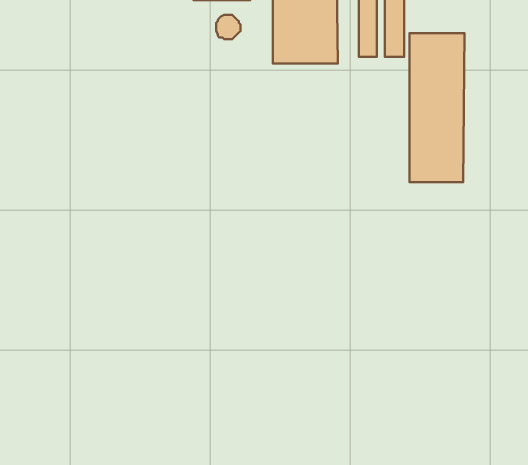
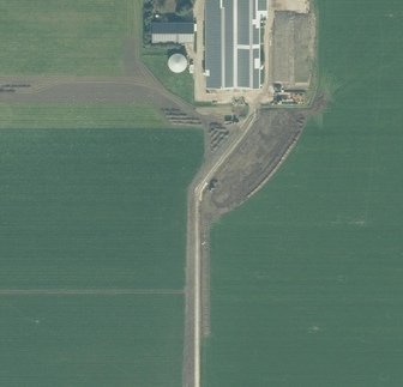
building: [410,33,464,182] -> none

